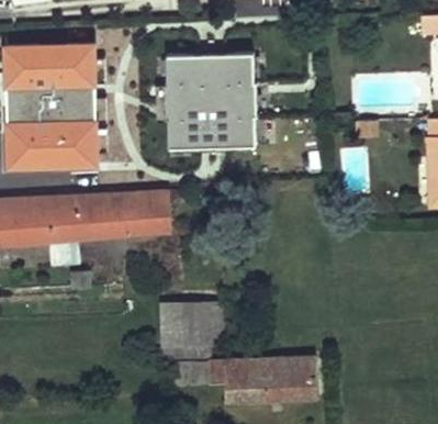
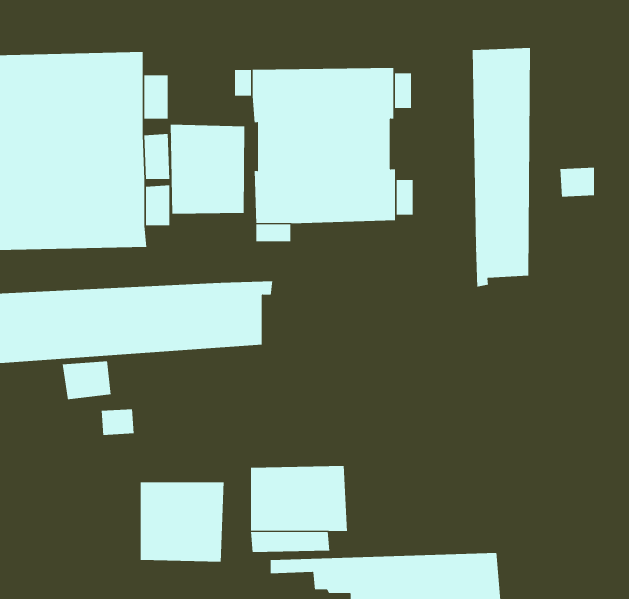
building: none -> [472,47,530,287]
building: none -> [170,124,245,215]
building: none -> [140,481,224,563]

